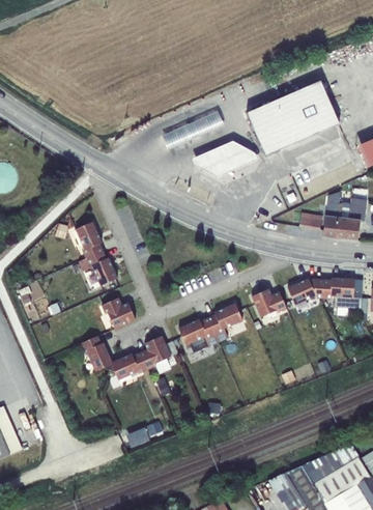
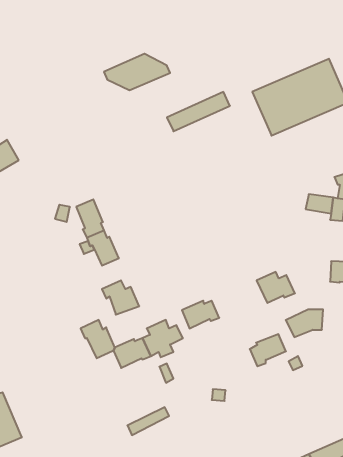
building: [191,141,255,176] -> [104,54,170,90]
building: [287,278,323,305] -> [286,309,323,337]
building: [207,302,242,333] -> [250,334,286,366]

